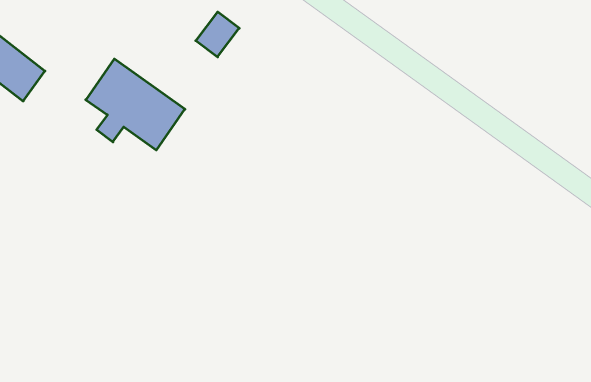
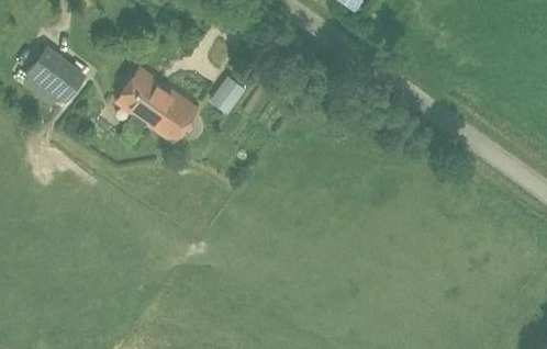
building: [196,12,239,57] -> [211,79,246,115]

